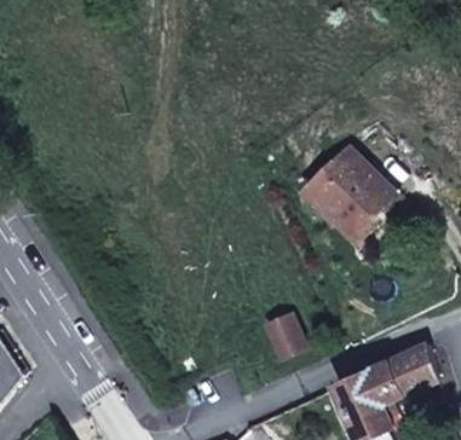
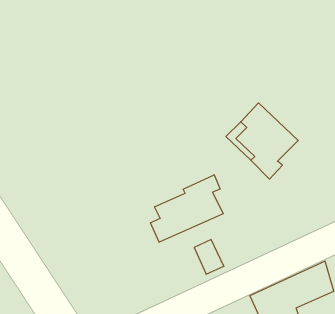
building: none -> [150,175,223,242]

